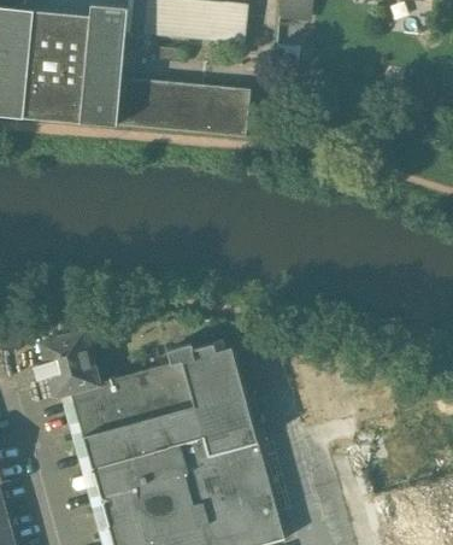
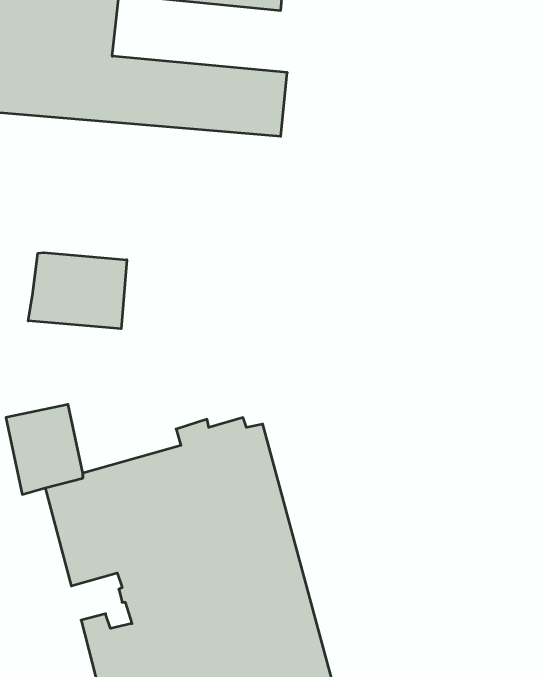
building: none -> [28,253,127,329]

